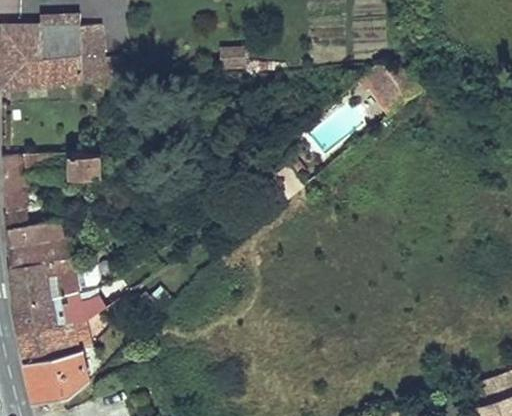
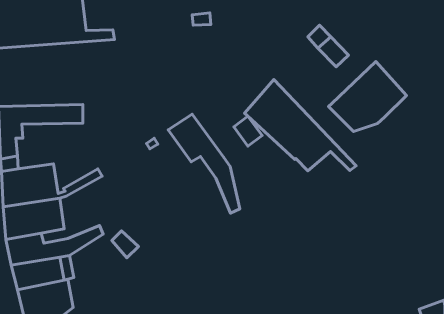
building: none -> [329,61,406,131]
building: none -> [245,79,356,171]
building: none -> [168,114,240,213]

